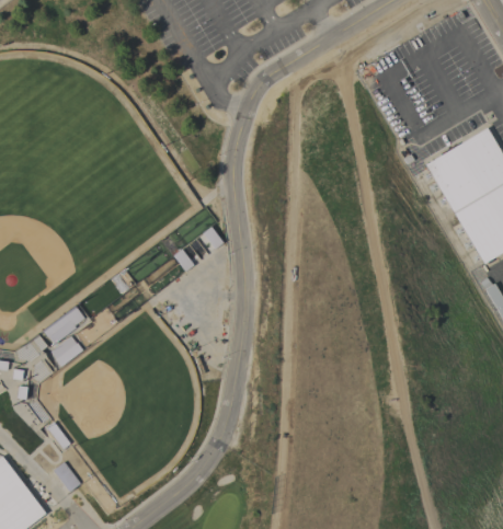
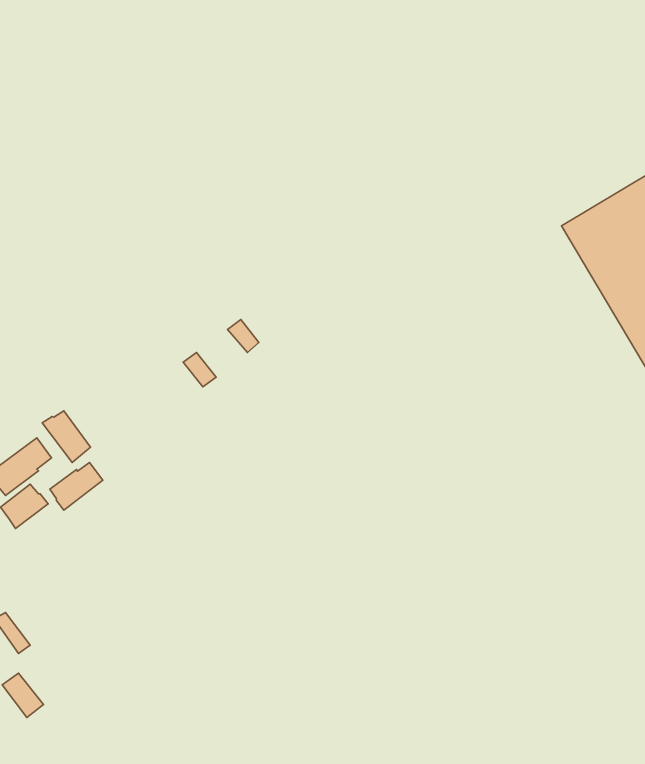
building: none -> [42,411,91,463]
building: none -> [50,462,103,510]

